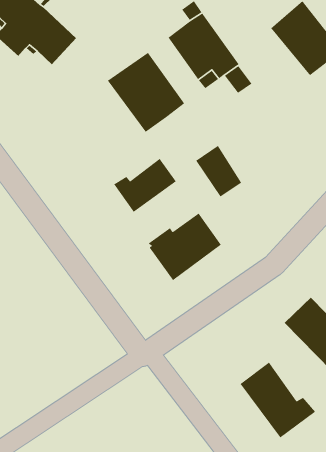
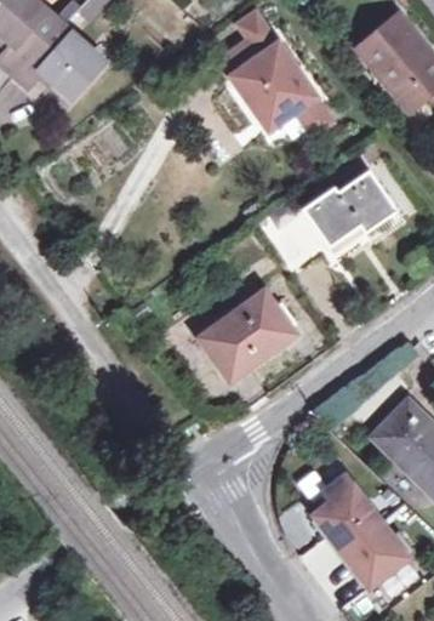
building: [107,52,185,133] -> none
building: none -> [302,170,395,246]
building: [113,158,177,213] -> none

